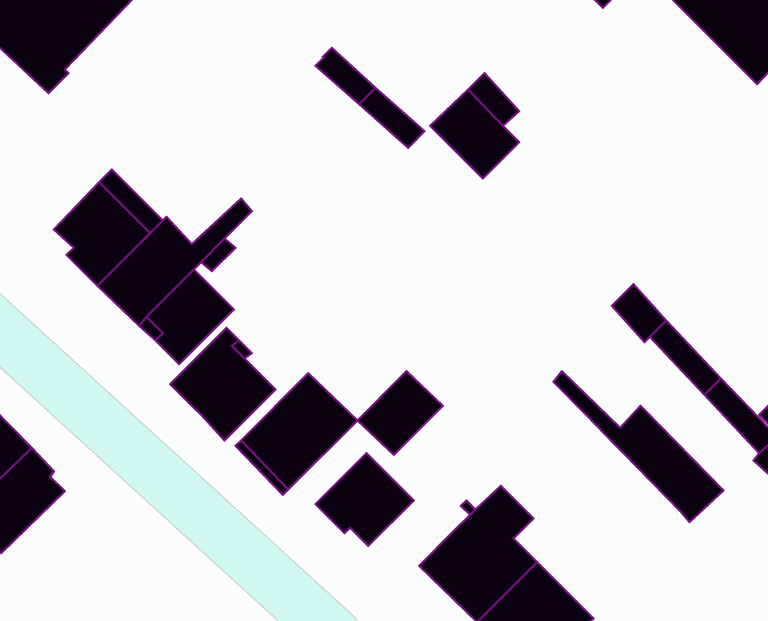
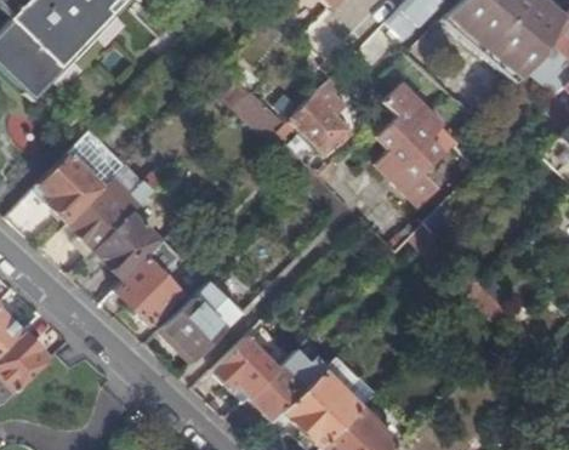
building: none -> [374,79,440,201]
building: [554,371,724,522] -> none
building: [357,371,443,455] -> [250,364,307,420]

